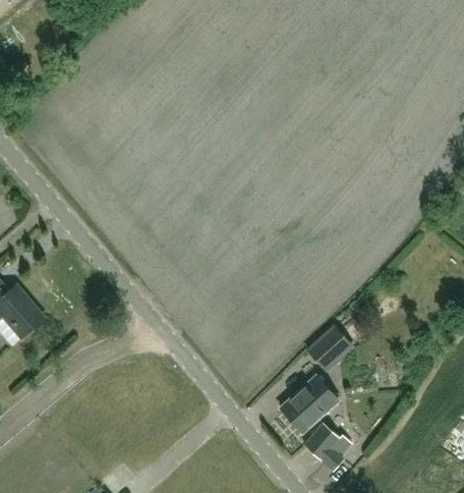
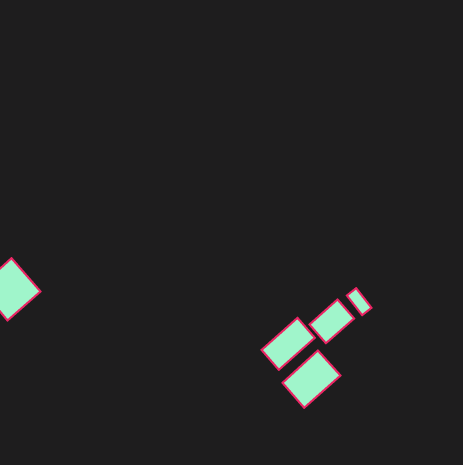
building: none -> [261,318,315,370]
building: [304,424,350,471] -> none

